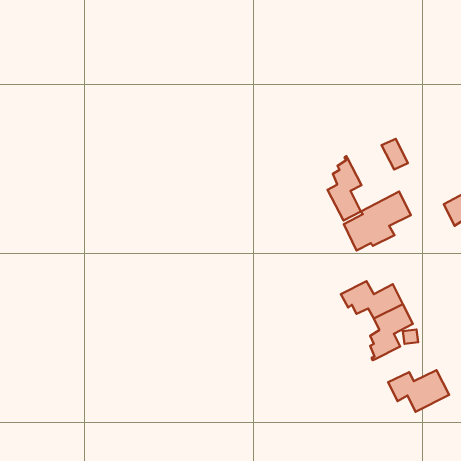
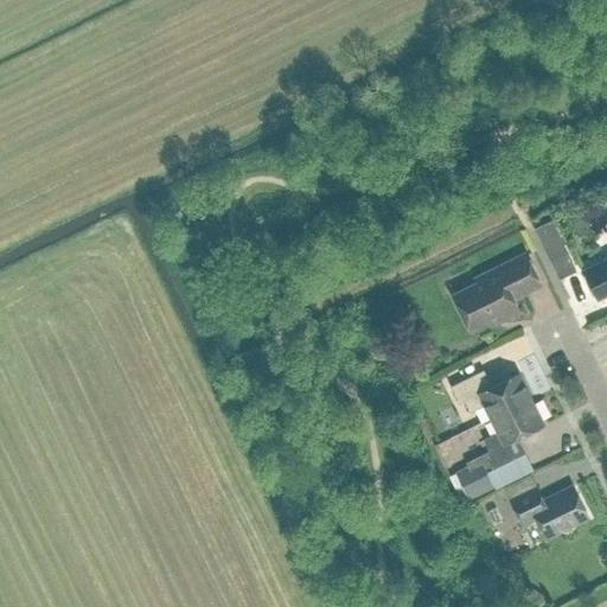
building: [381,139,408,170] -> [537,223,571,263]
building: [327,156,362,221] -> none
building: none -> [460,468,498,503]

